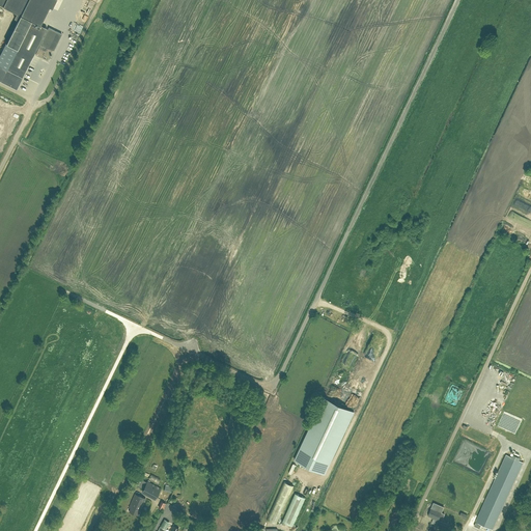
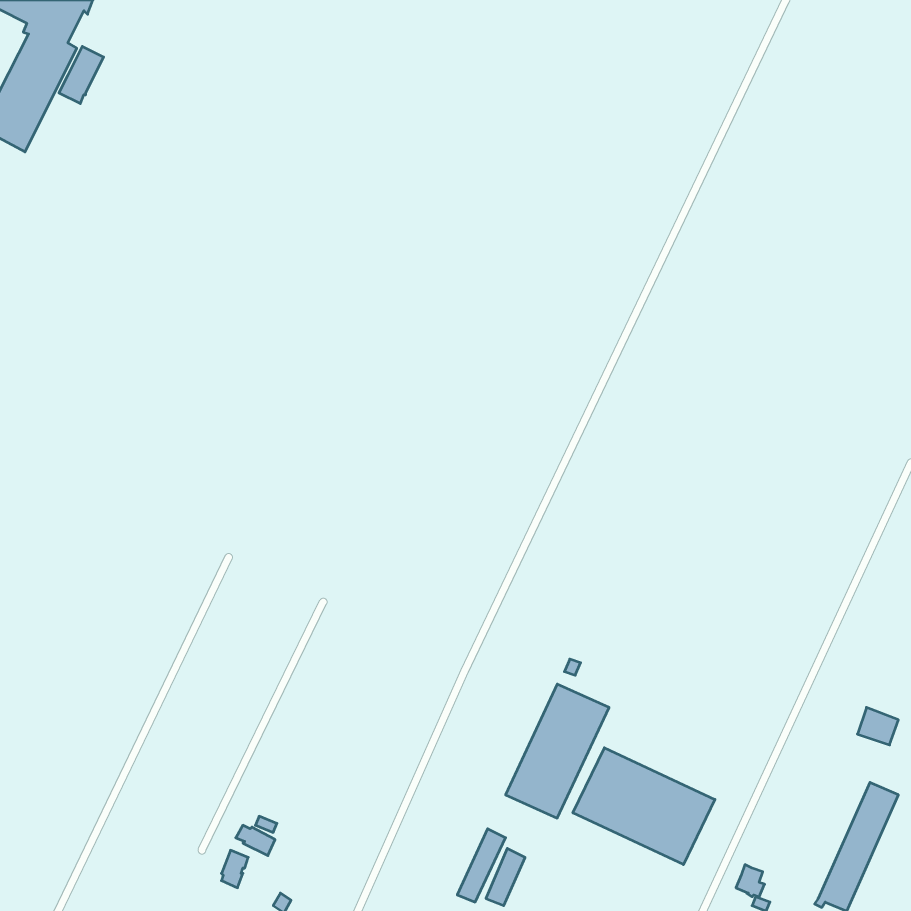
building: none -> [573,748,715,865]

